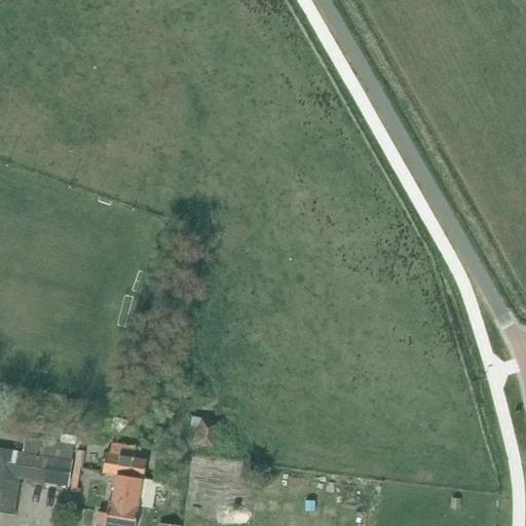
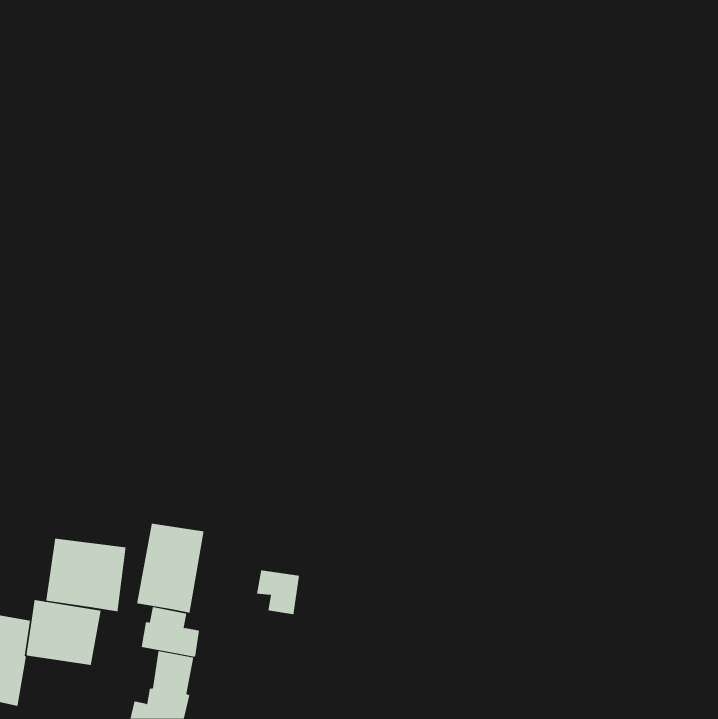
building: none -> [136,523,204,614]
building: none -> [45,538,126,612]

